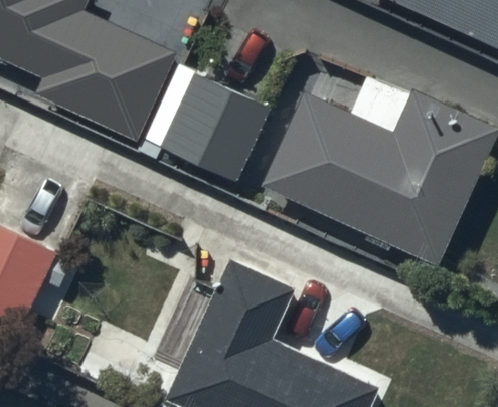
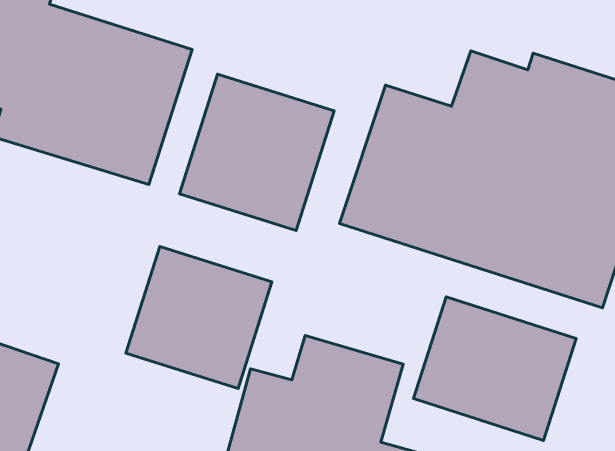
building: none -> [126,247,272,389]
building: none -> [414,297,576,440]

